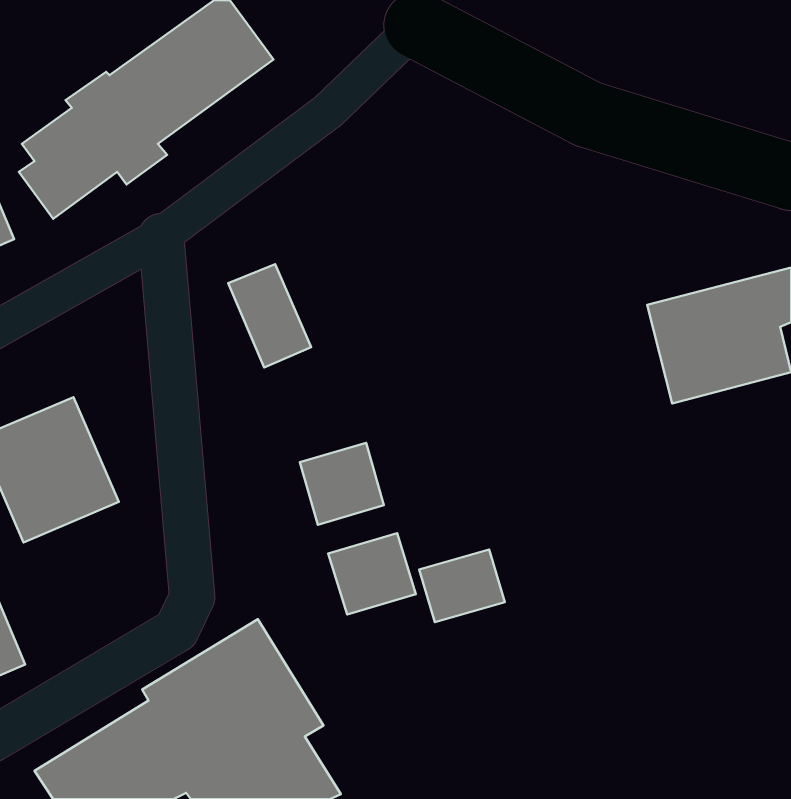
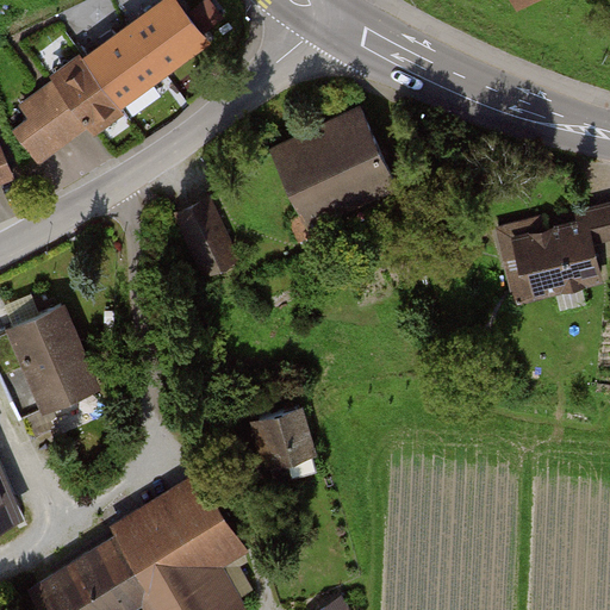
building: none -> [272,110,396,230]
building: [300,443,384,525] -> none
building: [419,549,505,622] -> none

